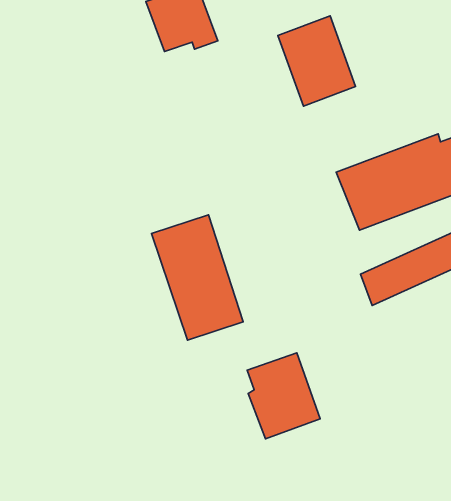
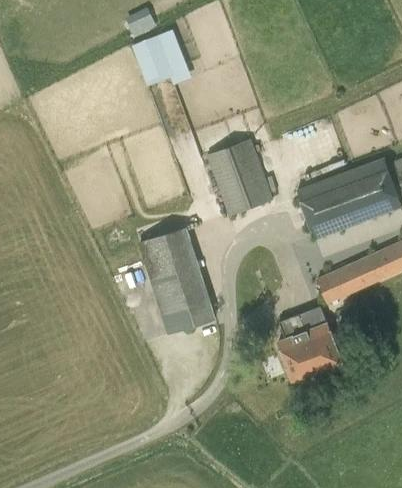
building: [278,16,356,106] -> [205,139,272,217]
building: [247,353,320,439] -> [278,307,341,381]

